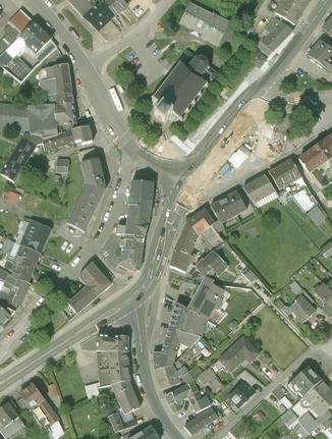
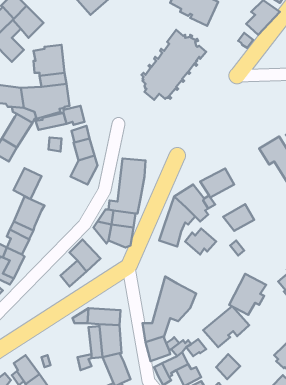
building: [242,173,274,201] -> [223,204,254,231]
building: [67,199,96,230] -> [14,168,42,199]
building: [187,276,225,318] -> [229,274,266,315]

